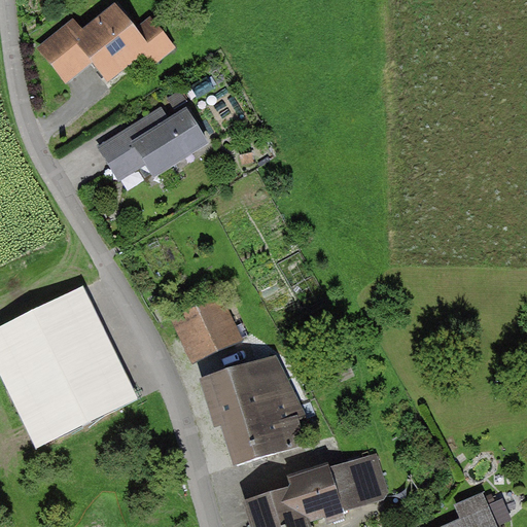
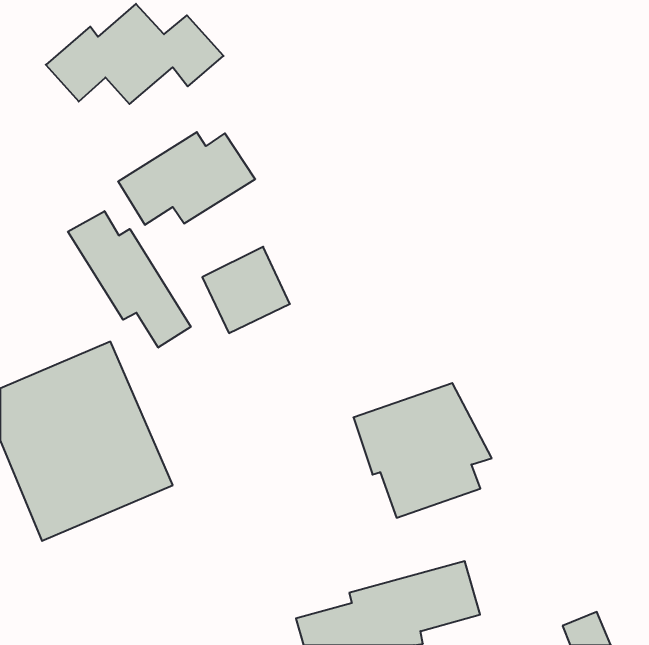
building: none -> [68,211,191,348]
building: [171,296,242,366] -> [202,247,290,333]
building: [196,355,308,464] -> [353,383,492,518]

